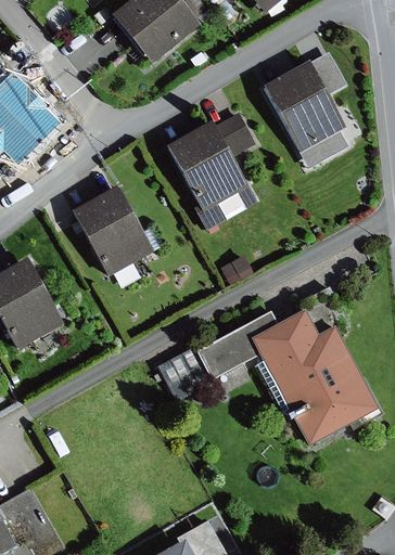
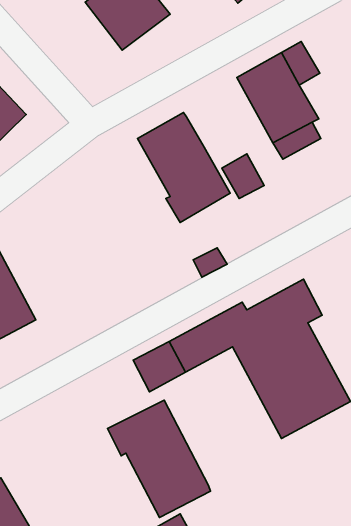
building: [214,112,256,156] -> [222,154,264,199]
building: [72,186,153,276] -> none
building: none -> [108,400,210,517]

